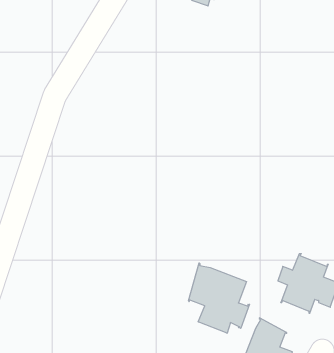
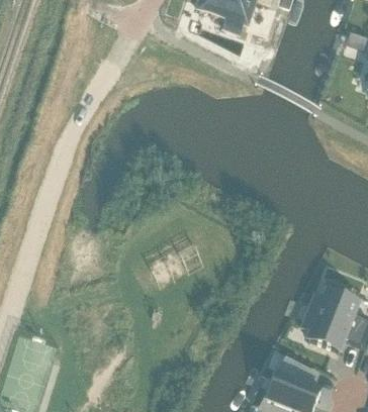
building: [188,263,250,333] -> none

